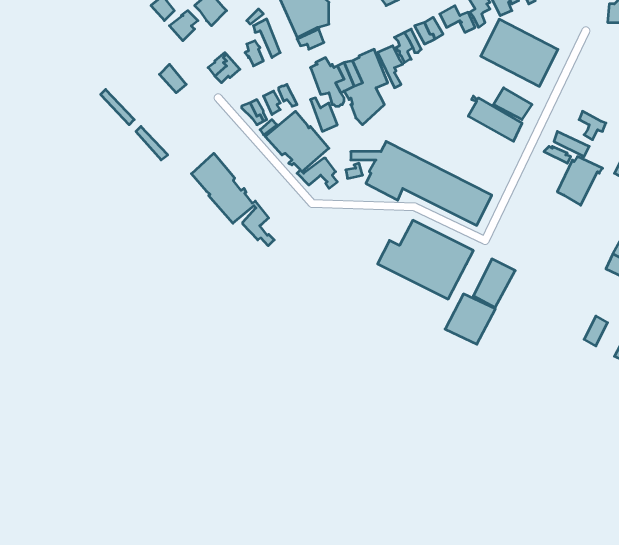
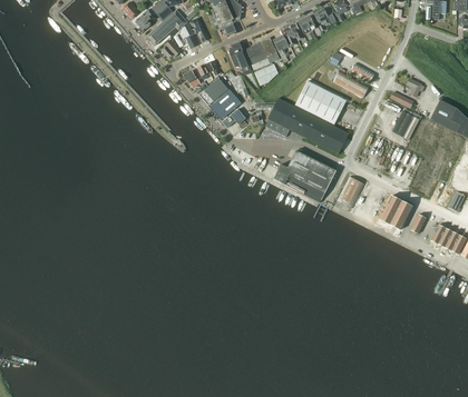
building: none -> [146,10,186,44]
building: [481,19,558,86] -> [294,80,345,125]
building: [191,153,274,246] -> none
building: [445,294,495,344] -> [378,196,411,229]

